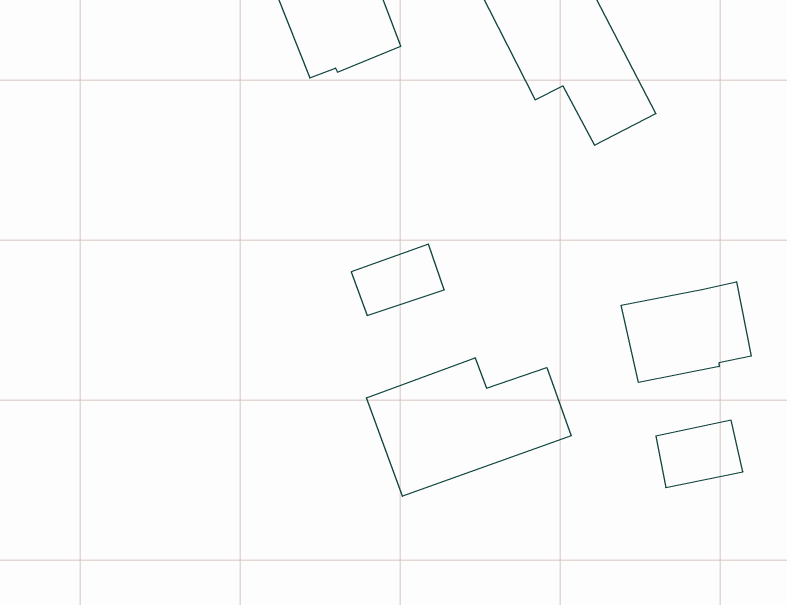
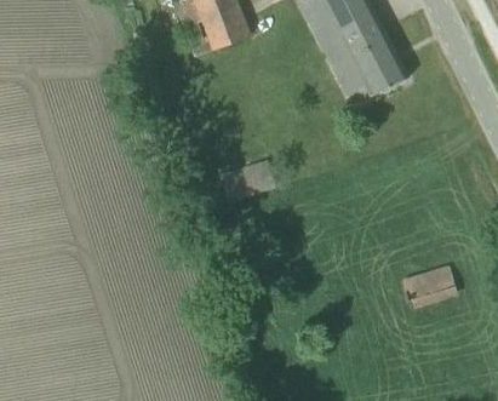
building: [621,282,751,382] -> none
building: [367,358,571,496] -> none

